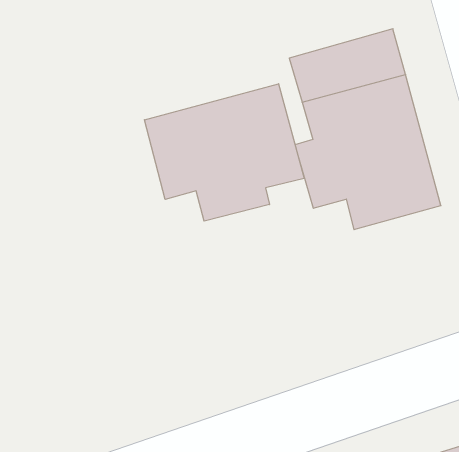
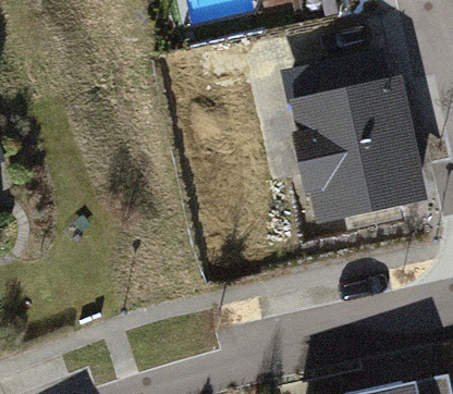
building: [144,84,304,221] -> none

